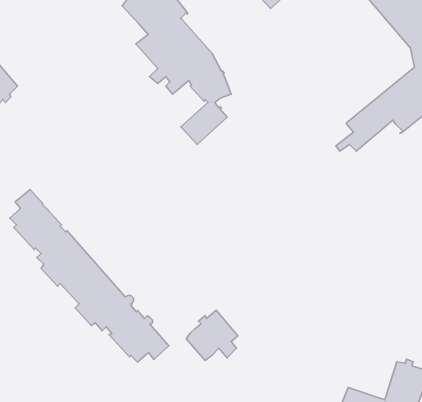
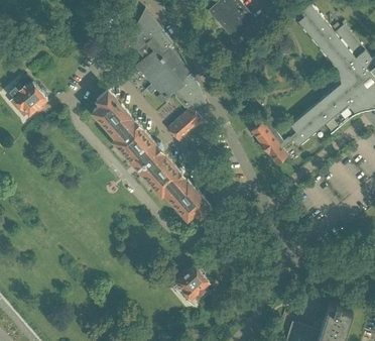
building: none -> [251,120,286,162]
building: [10,190,169,362] -> [92,89,210,217]

